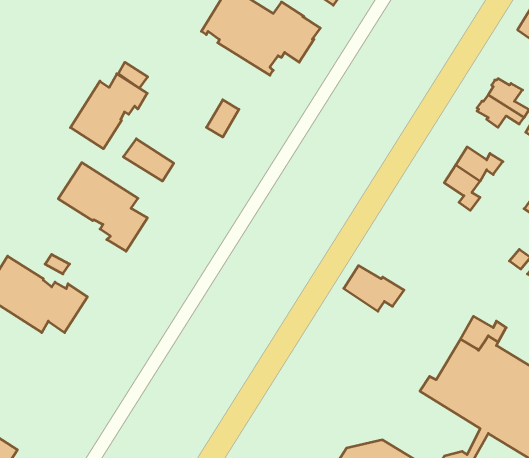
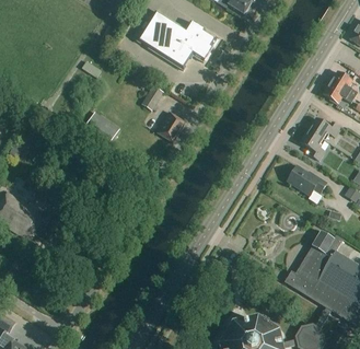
building: [70,74,147,149] -> none
building: none -> [156,110,186,142]
building: [58,163,147,251] -> none
building: [344,266,404,311] -> [287,165,327,196]

